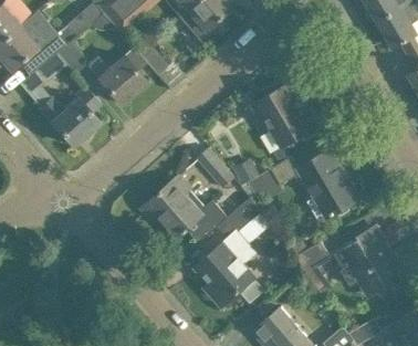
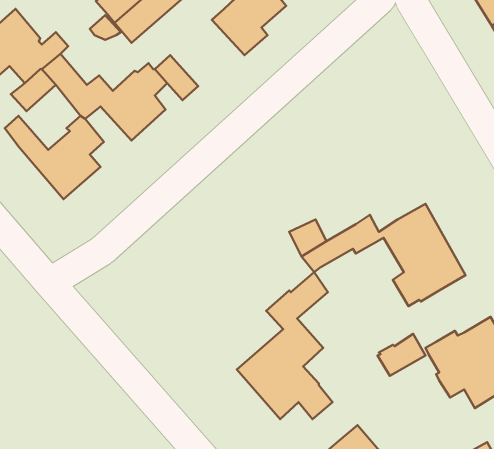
building: [252,84,315,146] -> none
building: [196,147,233,187] -> none
building: [143,174,232,242] -> none

